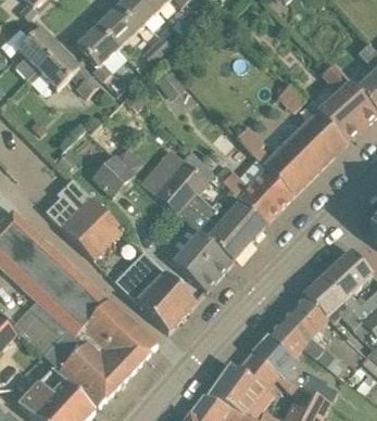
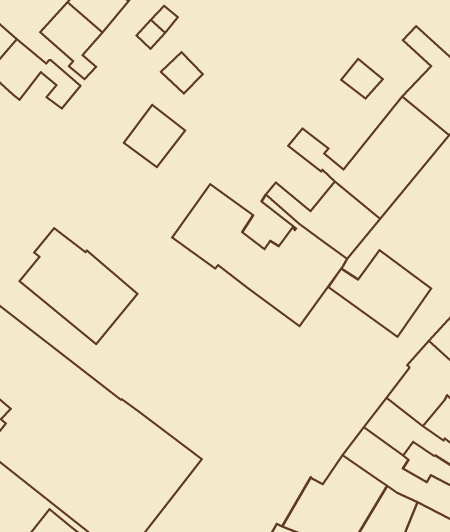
building: [92,155,135,197] -> [124,105,185,167]
building: [163,231,233,291] -> [329,250,431,337]
building: [115,252,197,333] -> none

